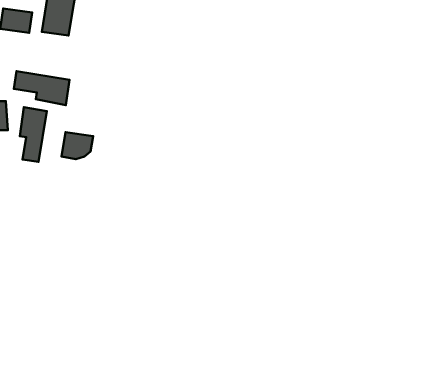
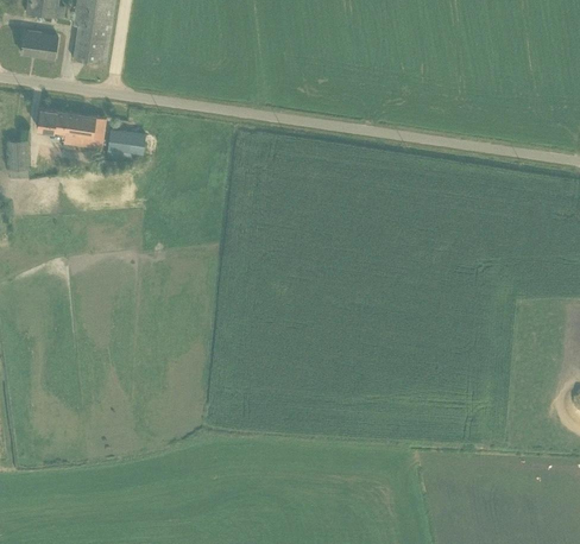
building: [20,107,47,162] -> none
building: [61,132,93,159] -> [106,129,145,163]

